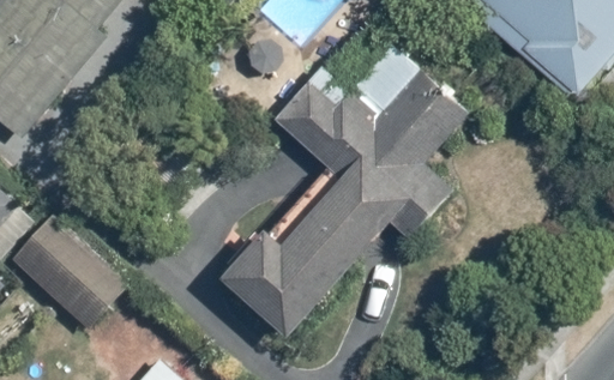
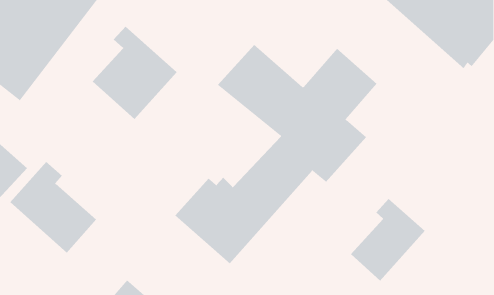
building: none -> [92,26,177,120]
building: none -> [350,198,426,282]

